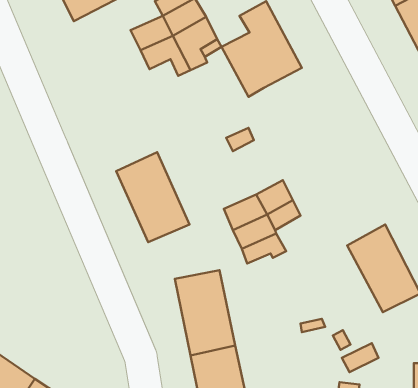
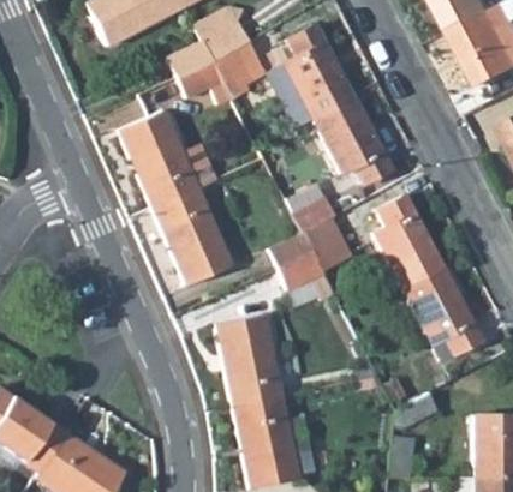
building: none -> [312,96,392,185]
building: none -> [119,110,216,208]
building: none -> [287,184,336,233]
building: none -> [374,194,443,288]

